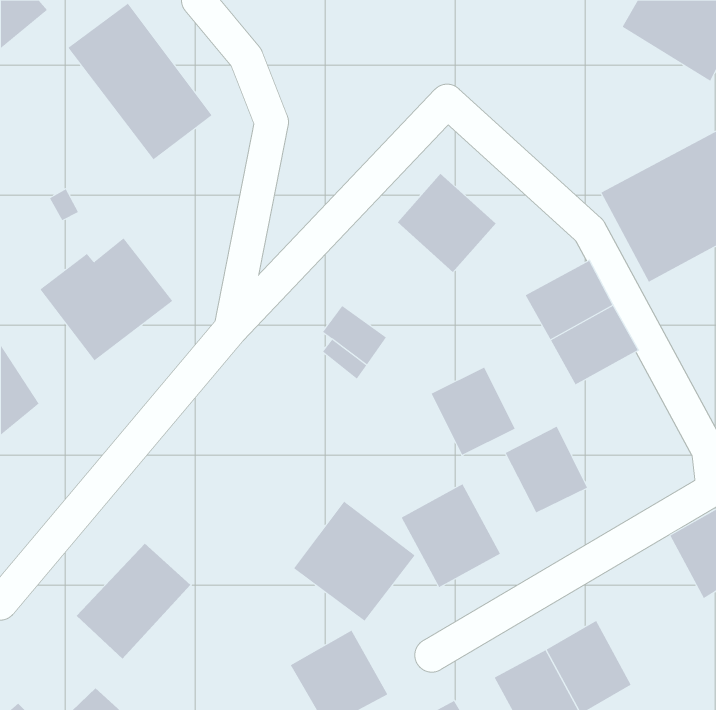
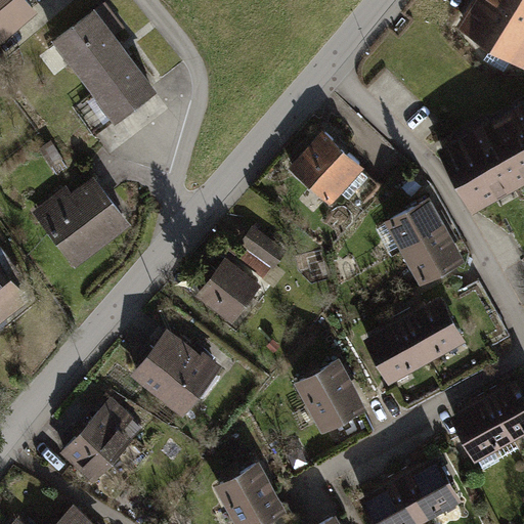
building: none -> [193,260,260,328]
building: [431,367,515,456] -> [407,297,469,361]
building: [293,501,416,622] -> [130,329,219,417]
building: none -> [449,396,514,464]

